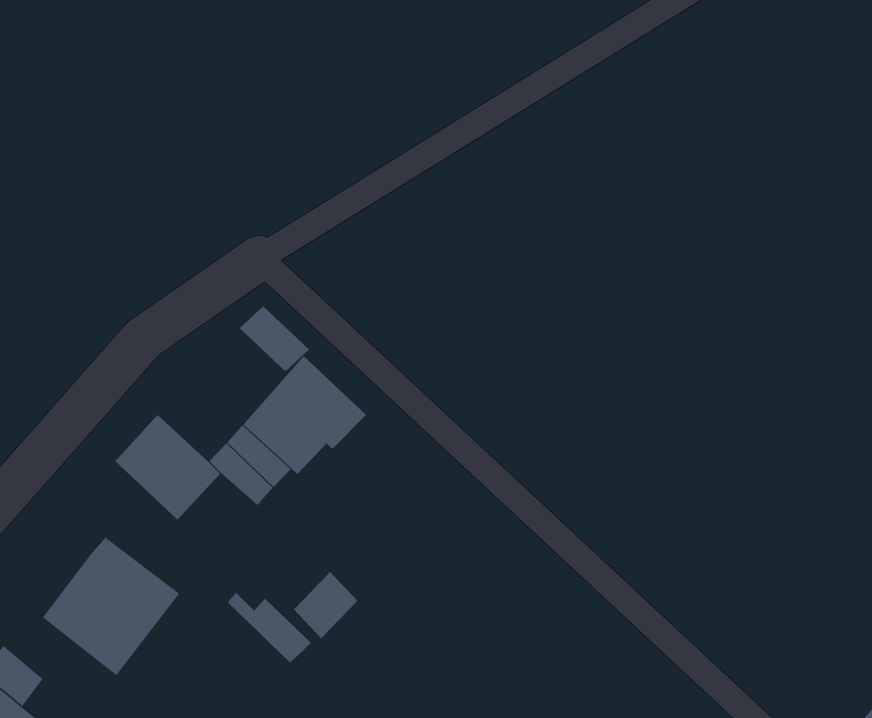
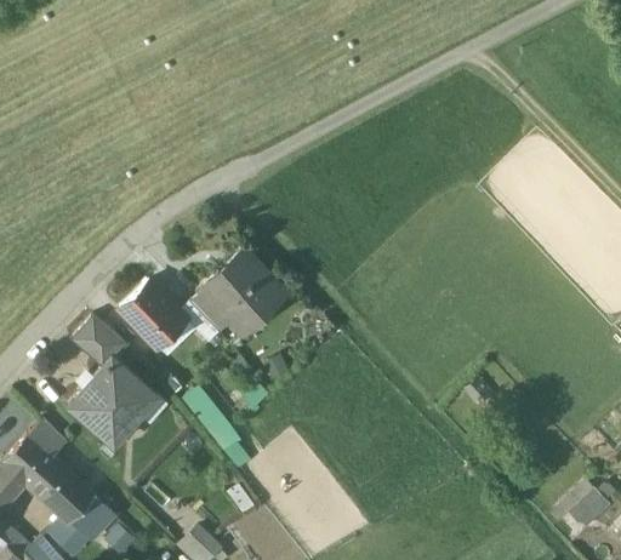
building: [239,306,310,372] -> none
building: none -> [72,315,126,367]
building: [293,571,358,639] -> none

